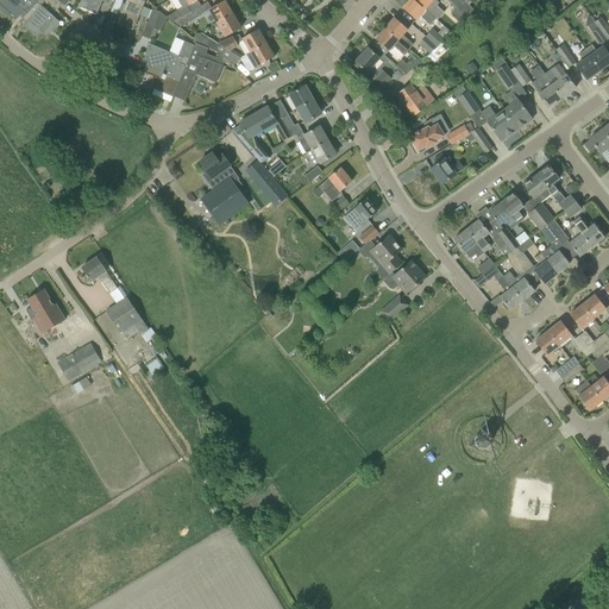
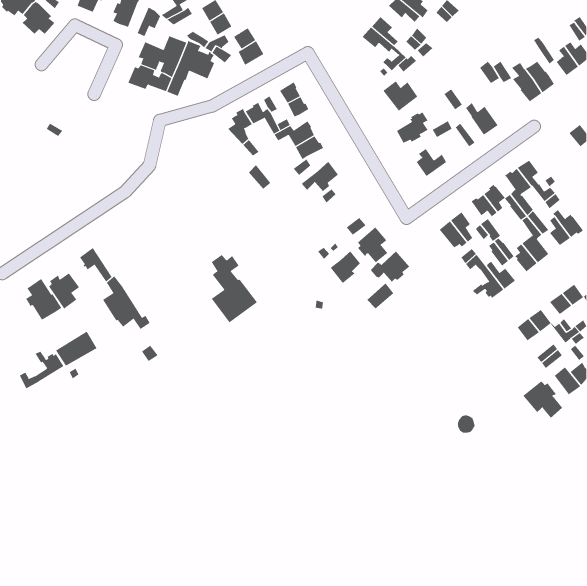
building: [354,46,391,87] -> none
building: [502,90,532,130] -> none
building: [200,152,249,224] -> [211,254,258,323]
building: [344,197,376,232] -> [330,251,361,284]
building: none -> [48,273,80,309]
building: none -> [19,351,64,389]
building: none -> [523,381,563,418]

